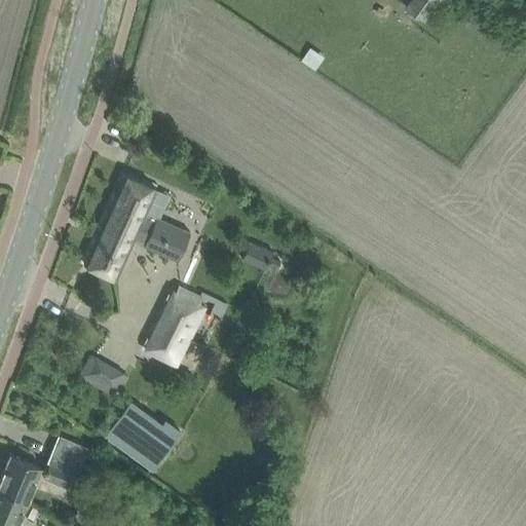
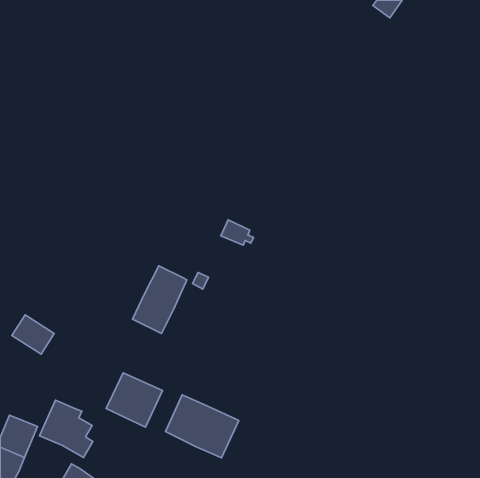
building: [83,176,191,280] -> none
building: [80,353,126,397] -> [12,315,54,354]
building: none -> [166,395,239,458]

